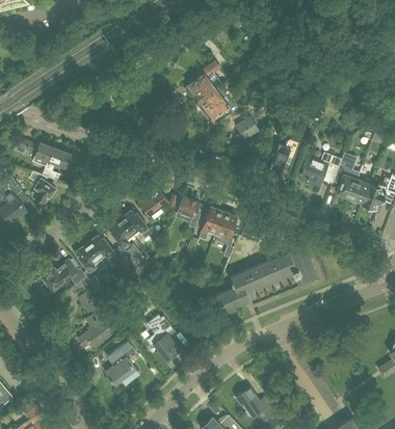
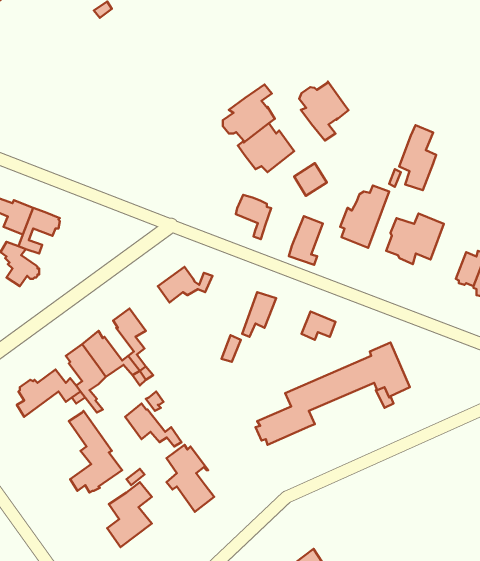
building: none -> [299,81,348,141]
building: [333,153,359,198] -> [399,125,436,190]
building: [178,197,203,229] -> [236,195,271,239]
building: [121,210,160,240] -> [125,403,182,447]
building: [213,212,237,246] -> [289,216,323,265]

